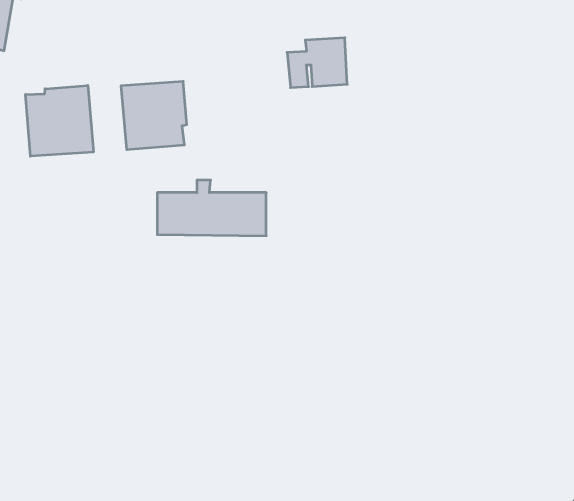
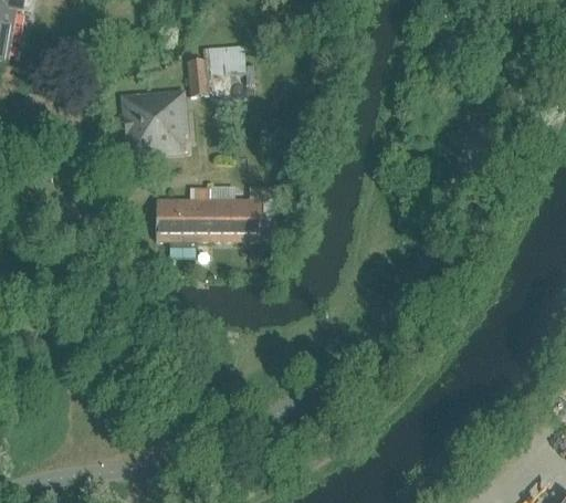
building: [287,38,347,88] -> [187,46,245,95]
building: [26,85,93,156] -> none

